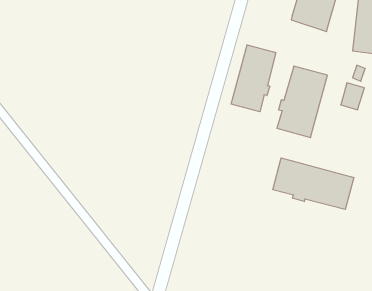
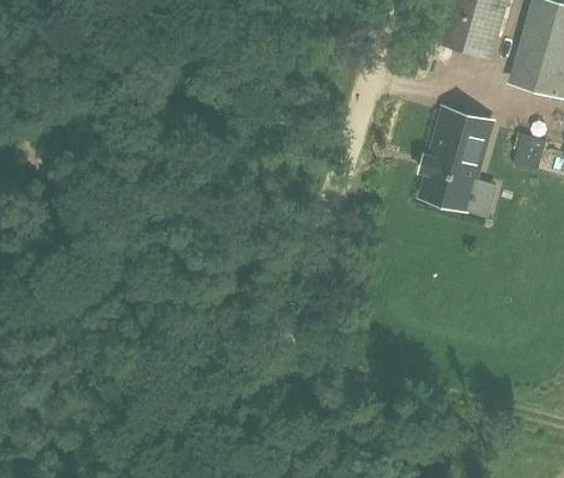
building: [231,45,276,112] -> none
building: [273,158,354,209] -> none

